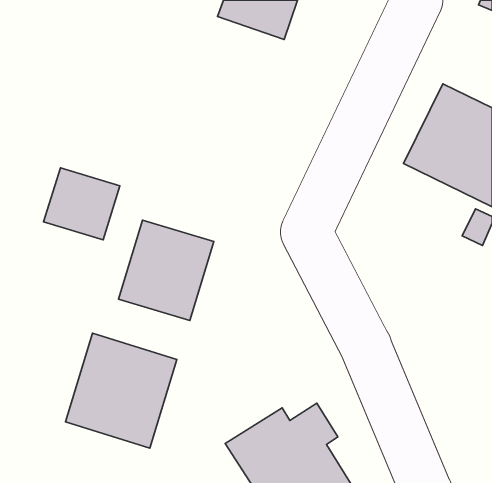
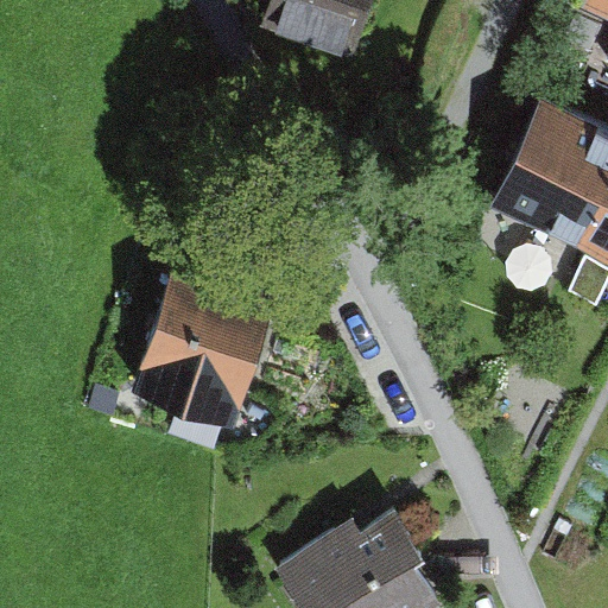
building: [44,168,120,240] -> none
building: [65,333,177,448] -> none

